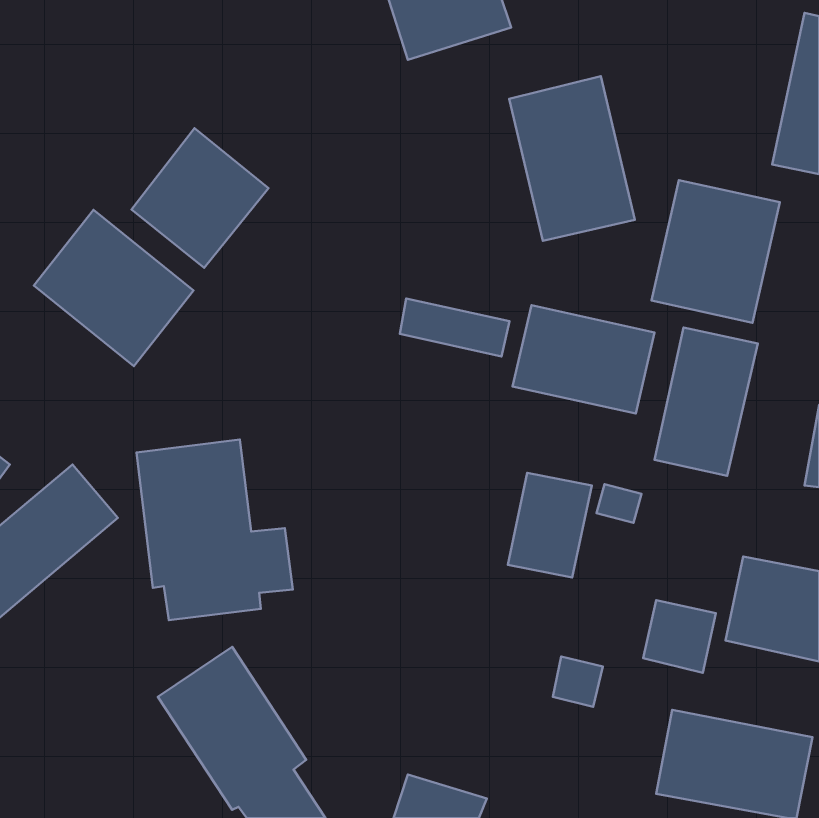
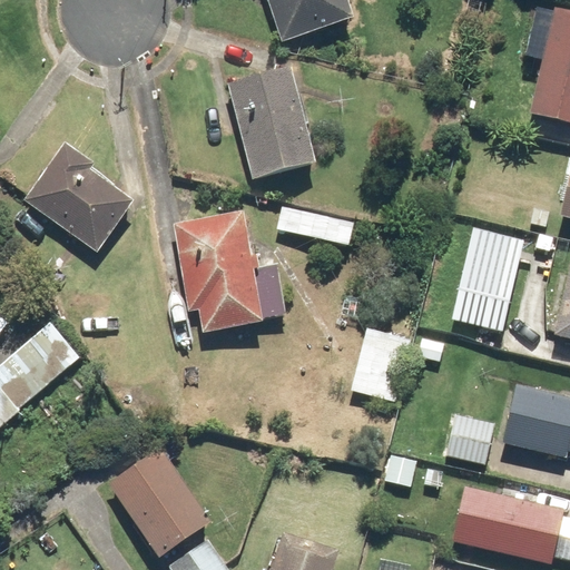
building: [509,76,635,241] -> [228,66,315,179]
building: [131,128,268,268] -> none
building: [651,180,780,323] -> none
building: [513,305,655,413] -> none
building: [137,439,293,620] -> [176,208,284,333]

